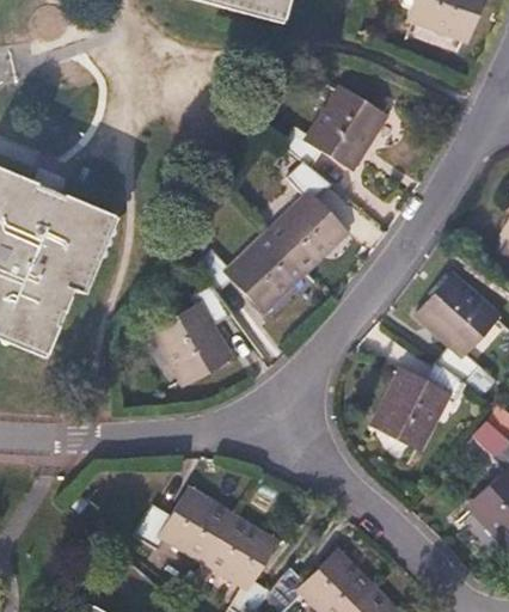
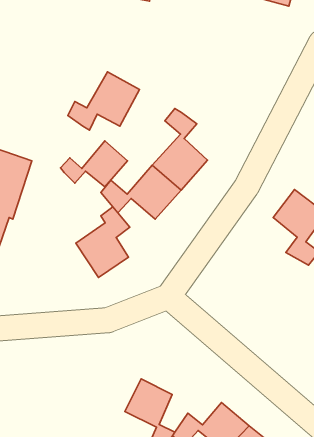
building: [284,92,382,167] -> [68,72,140,130]
building: none -> [60,141,127,187]
building: [376,363,465,446] -> none
building: [135,492,232,558] -> none

